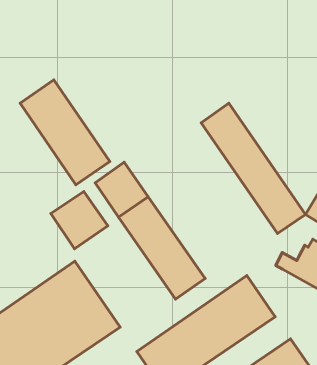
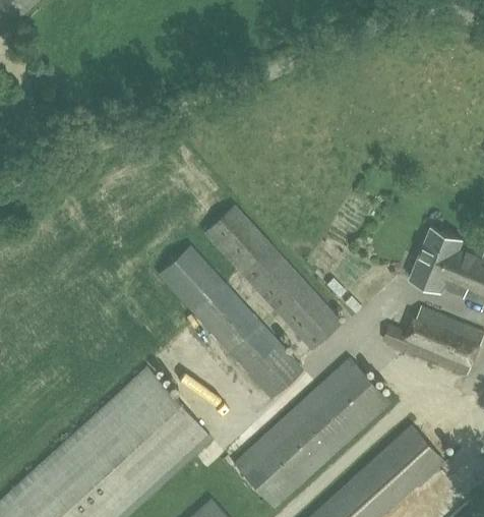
building: [20,80,110,185] -> none
building: [201,103,306,234] -> [204,205,341,349]
building: [51,192,108,249] -> none

